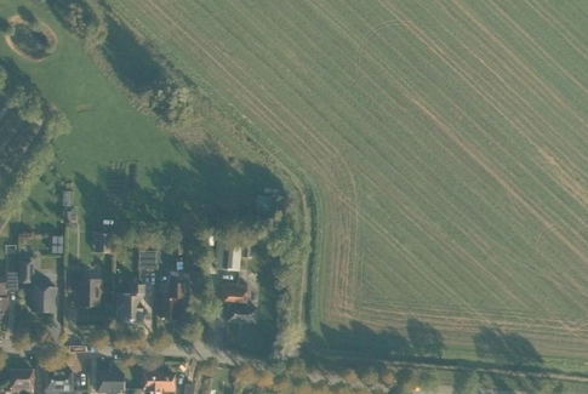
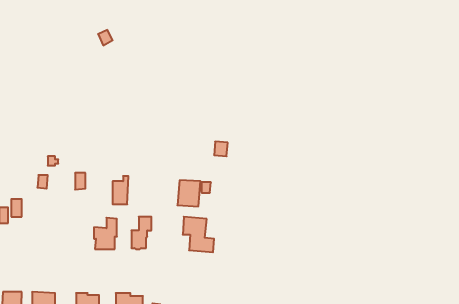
building: [68,272,101,306] -> none
building: [29,287,56,312] -> none

